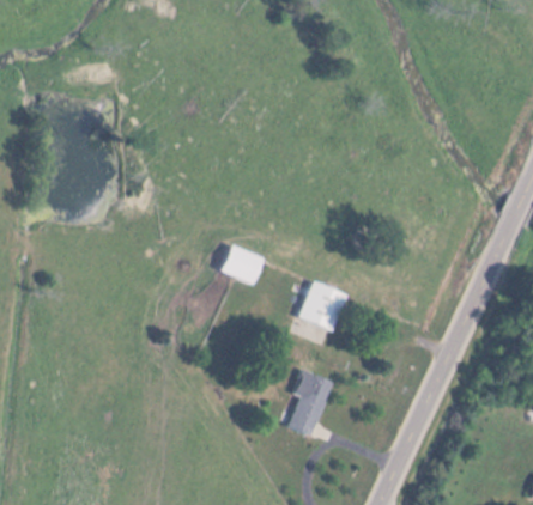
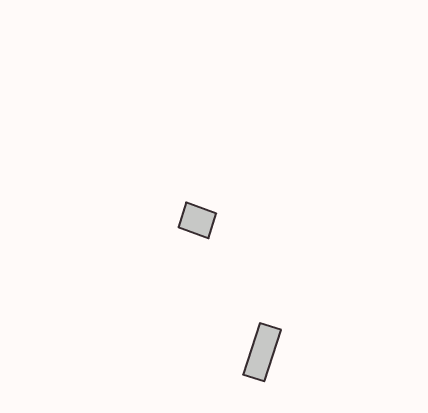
building: [296,280,344,330] -> none

